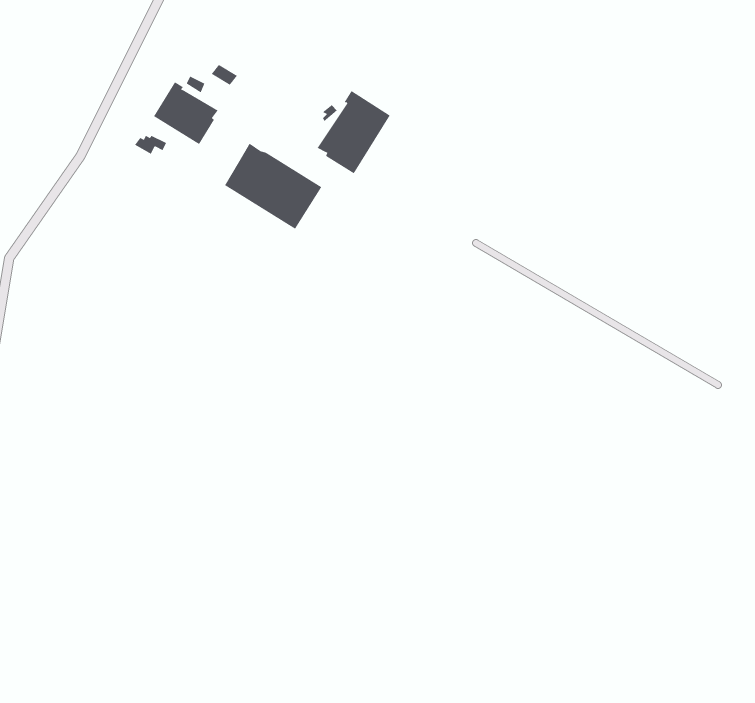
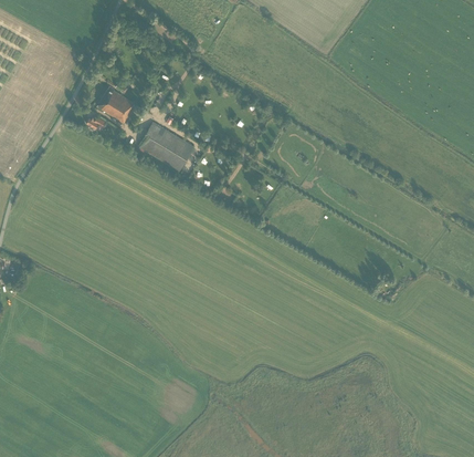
building: [317,90,390,174] -> none

